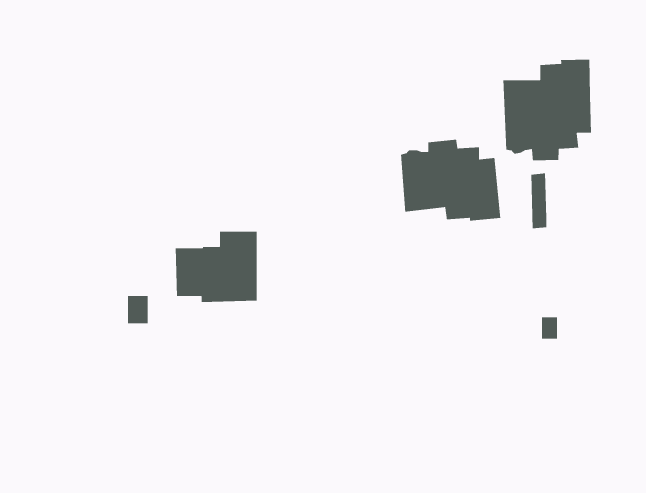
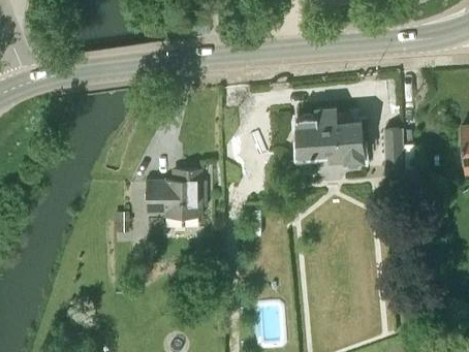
building: [503,59,592,161] -> none

